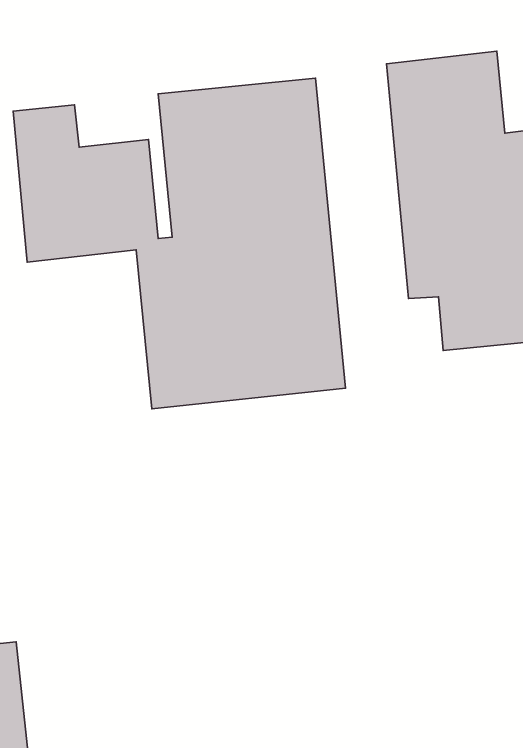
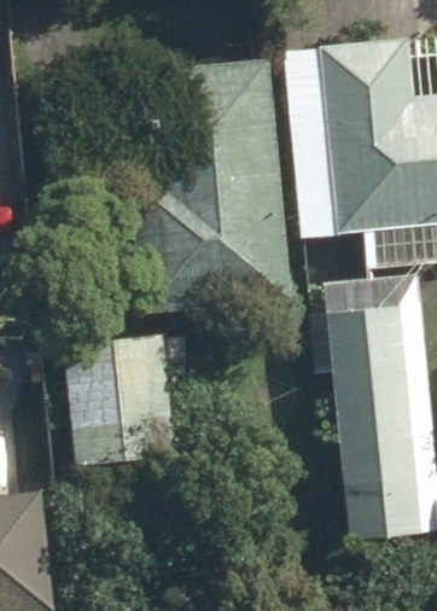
building: none -> [331,303,420,539]
building: none -> [62,334,187,465]

